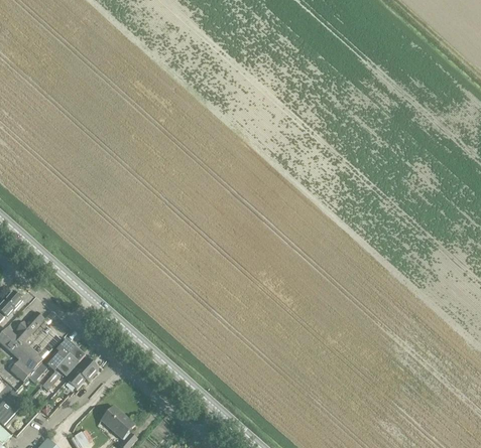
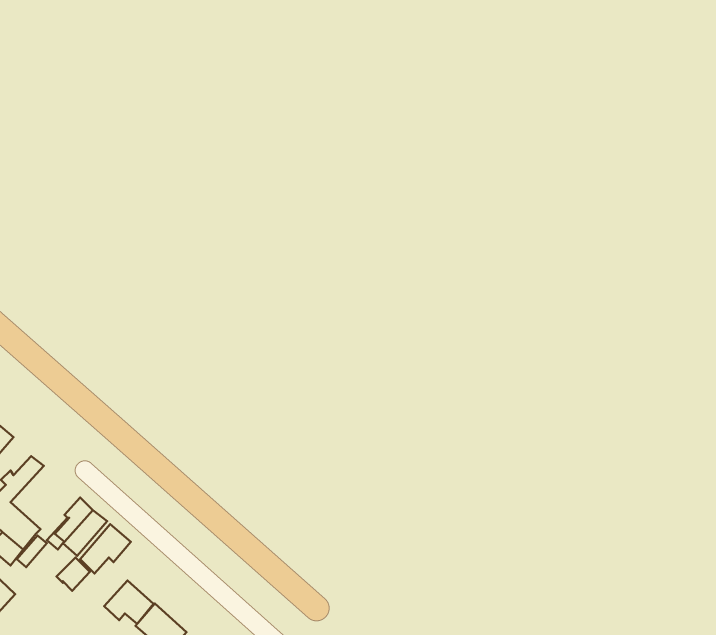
building: none -> [104,581,154,624]

